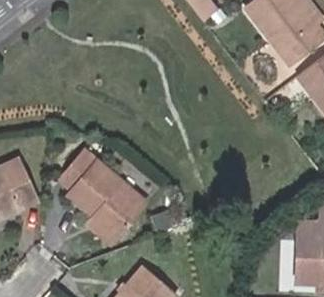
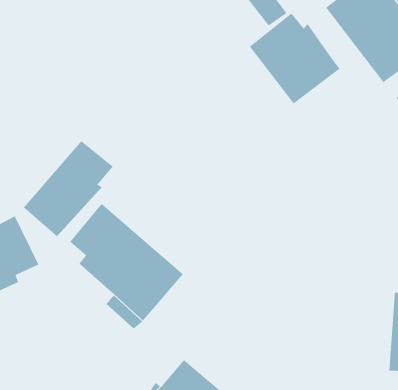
building: none -> [249,13,340,105]
building: none -> [23,140,114,237]

